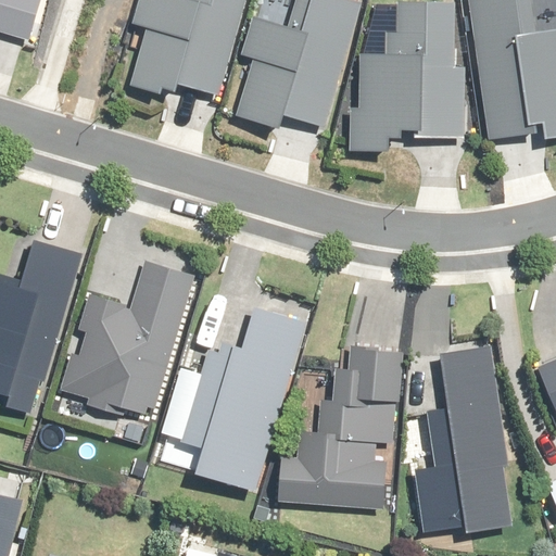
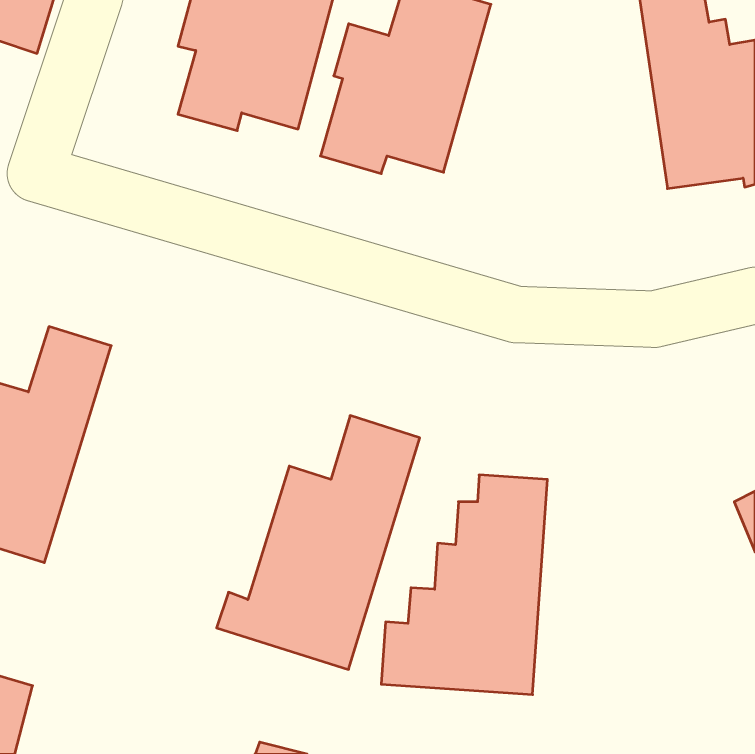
building: [351,4,464,150] -> none
building: [61,261,197,420] -> none
building: [413,345,513,535] -> none

